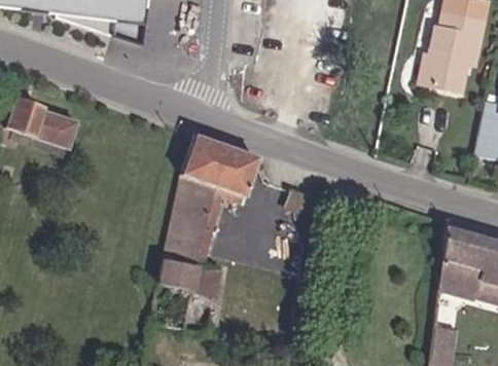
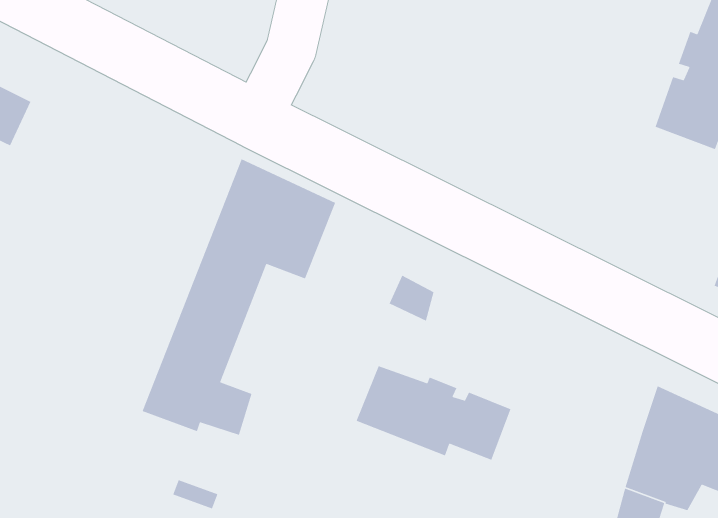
building: none -> [356,365,512,461]

